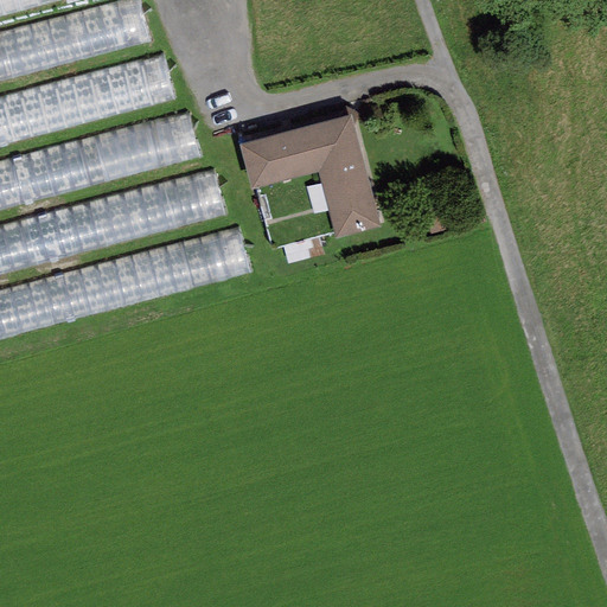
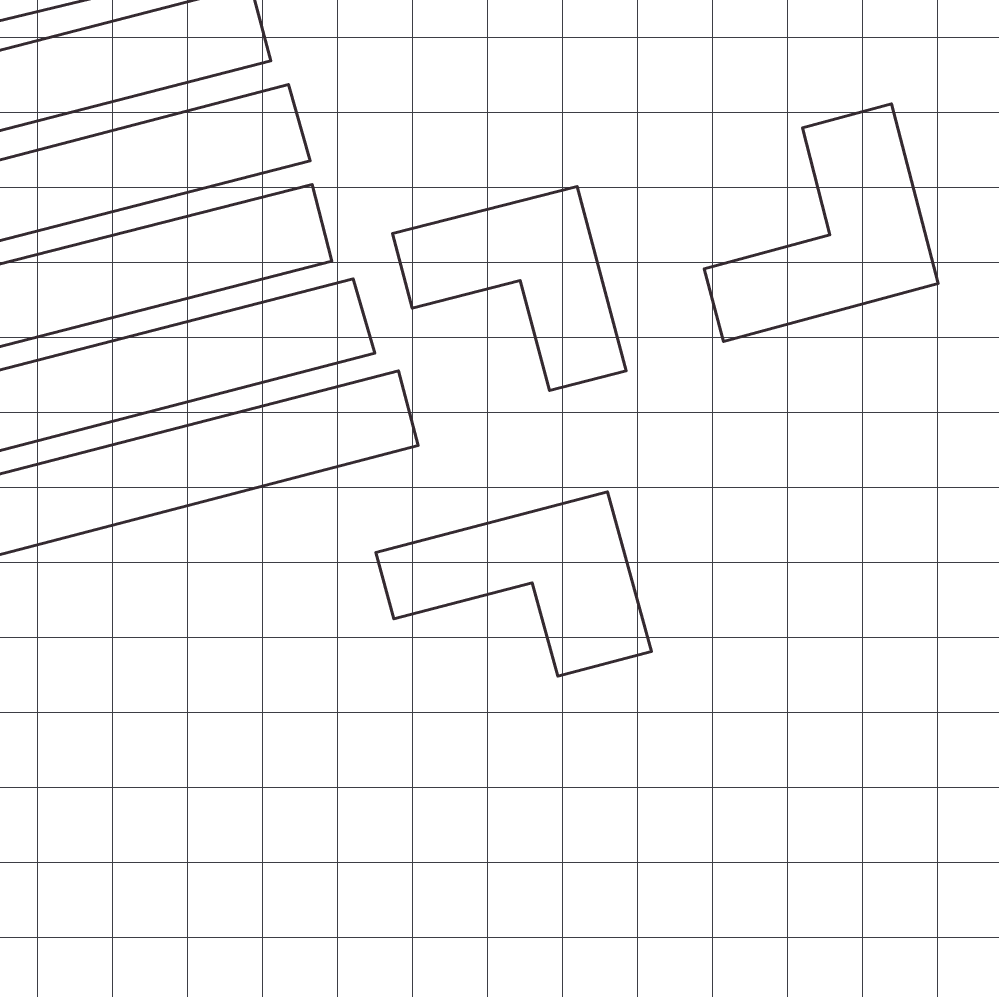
building: none -> [704,104,938,342]
building: none -> [376,492,651,676]

